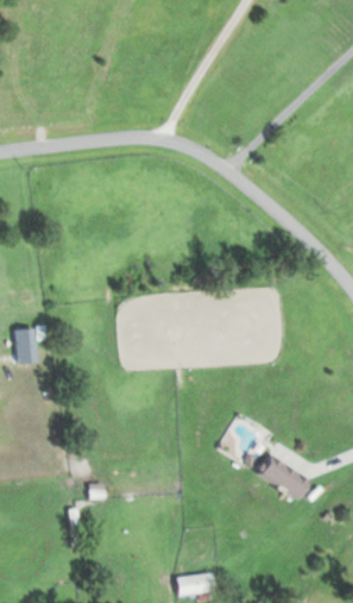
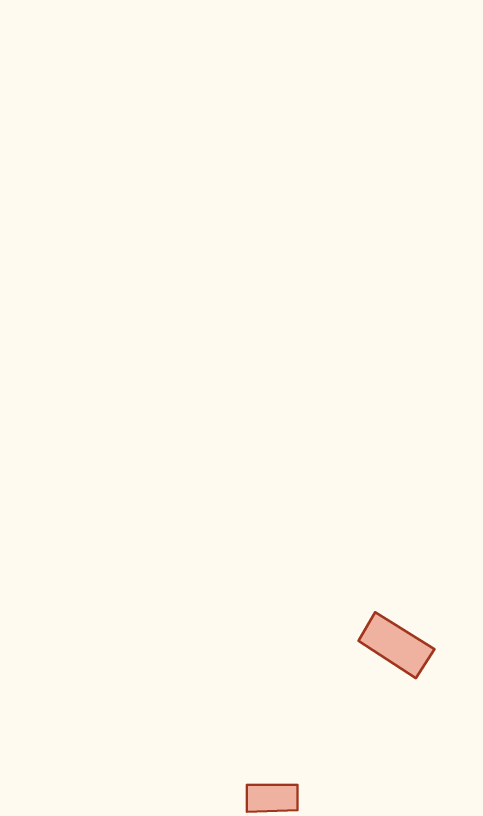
building: [17,328,38,364] -> none

